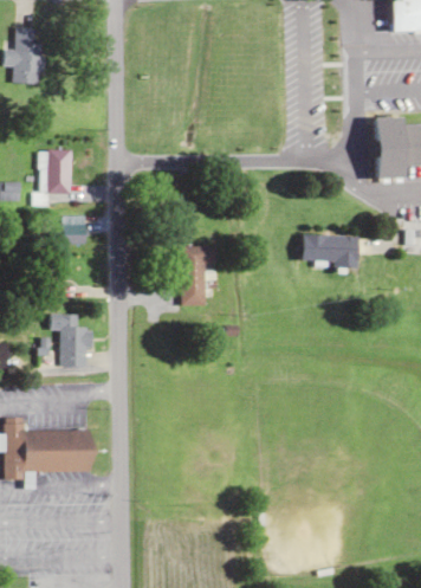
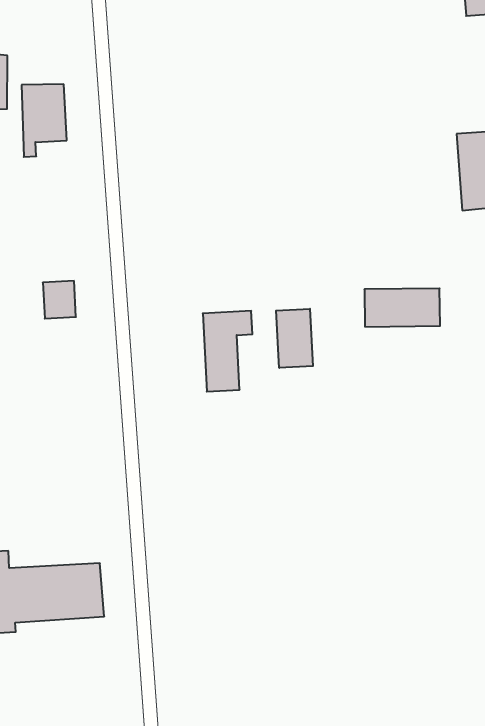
building: [37,150,70,205] -> [22,84,67,157]
building: none -> [276,309,313,368]
building: [50,314,91,367] -> none

